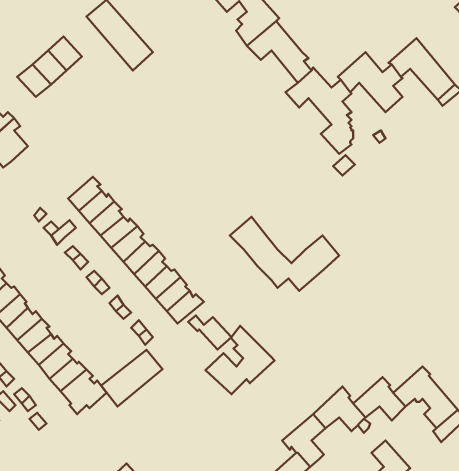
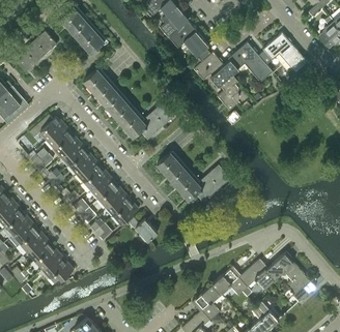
building: none -> [84,70,175,141]
building: none -> [29,116,64,141]
building: [206,326,275,394] -> none
building: [101,350,163,406] -> none

